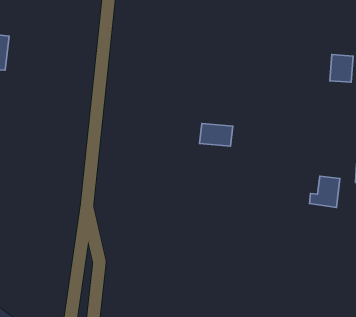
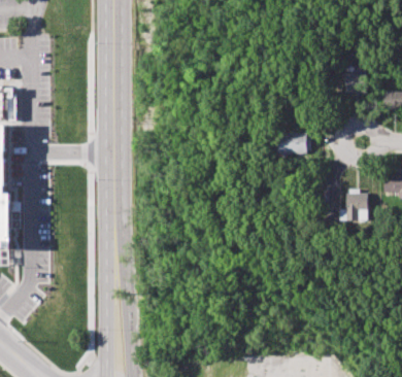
building: [199,123,233,146] -> [279,133,311,155]

